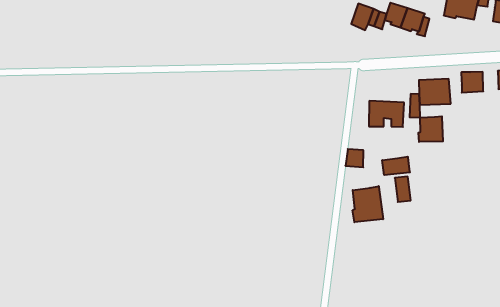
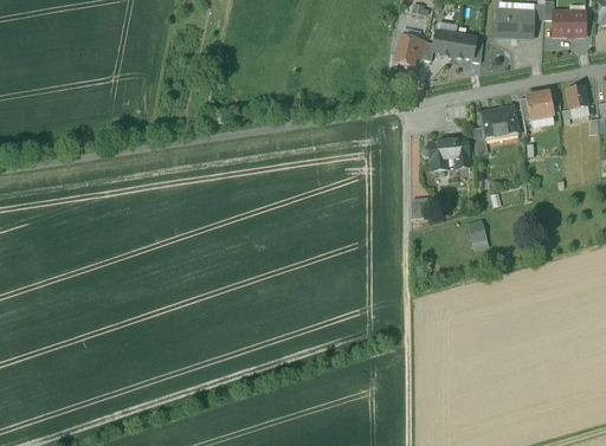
building: [418,116,443,142] -> none
building: [382,157,410,175] -> none
building: [353,186,383,222] -> none

